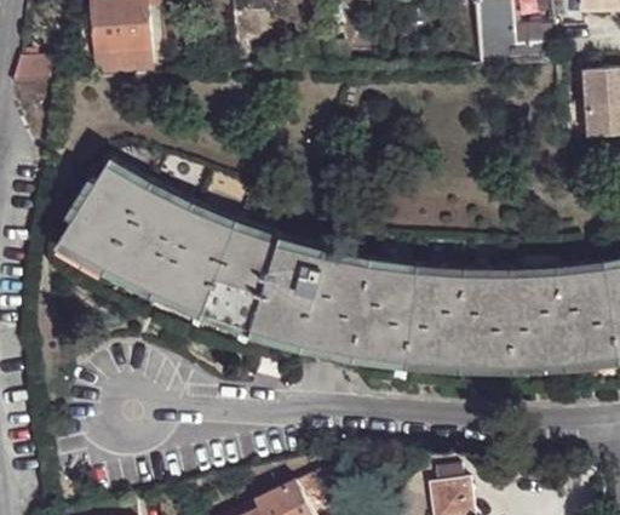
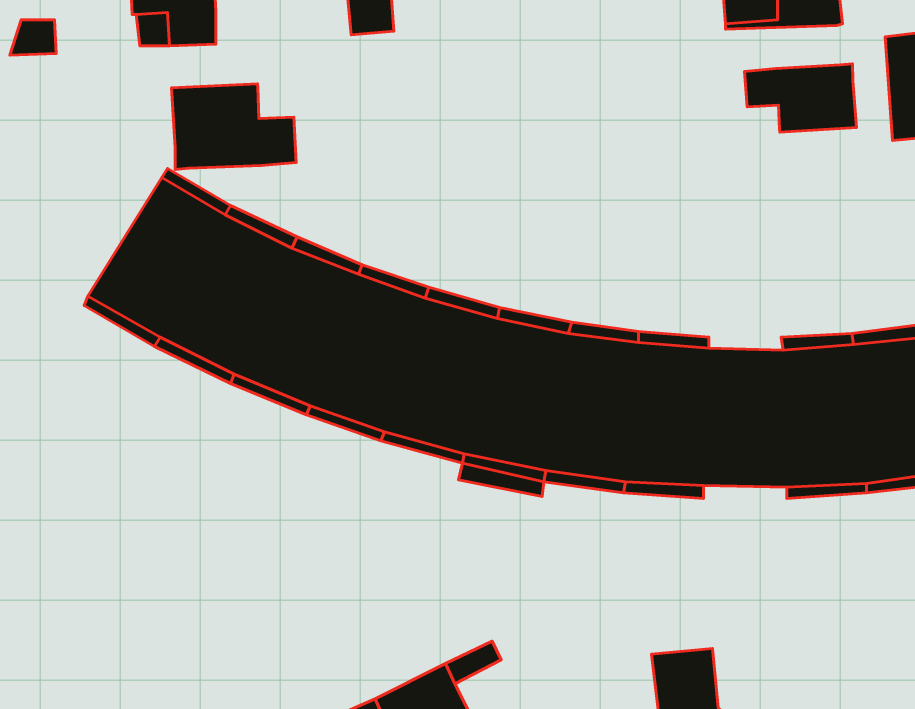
building: none -> [745,64,856,132]
building: none -> [171,84,296,170]

